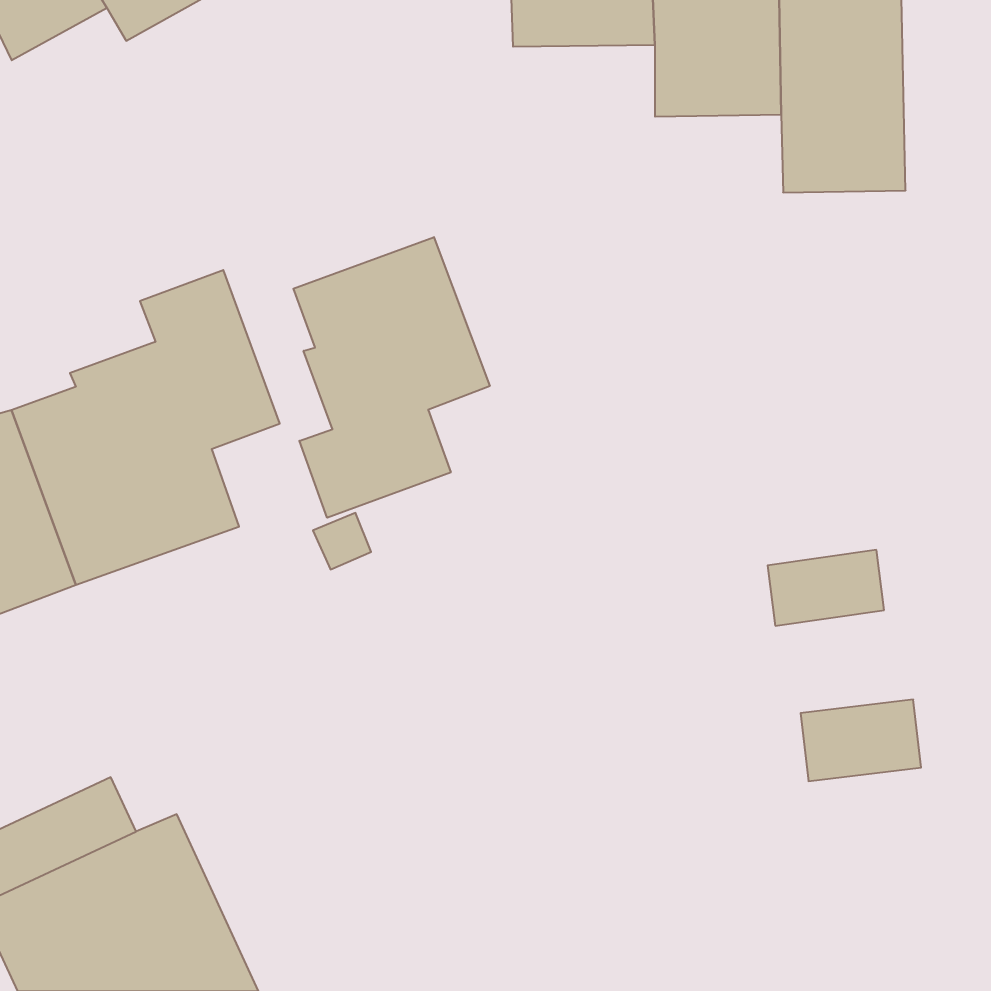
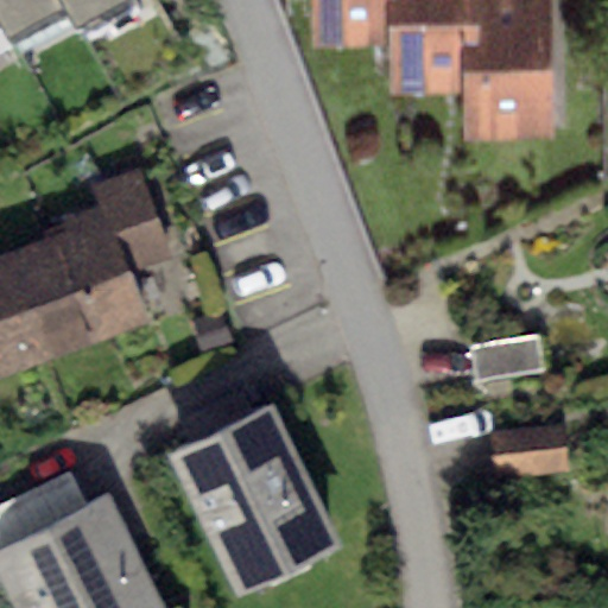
building: [293,237,490,518] -> none
building: none -> [171,407,342,600]

